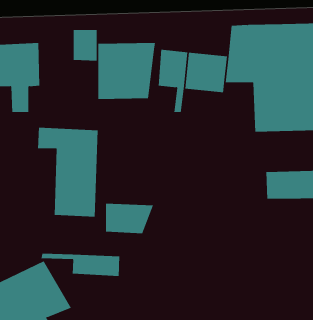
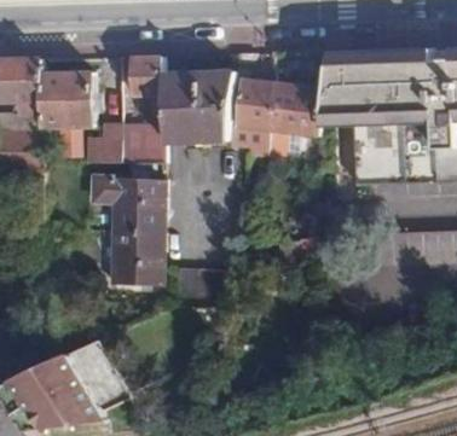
building: none -> [86,122,164,162]
building: [41,253,120,277] -> none

